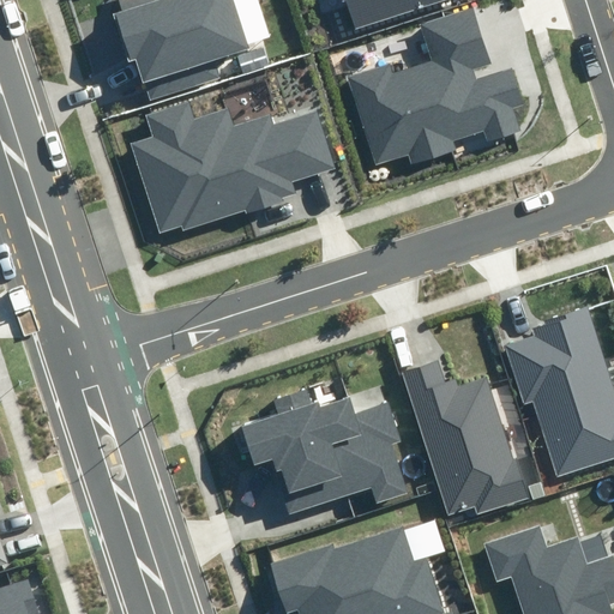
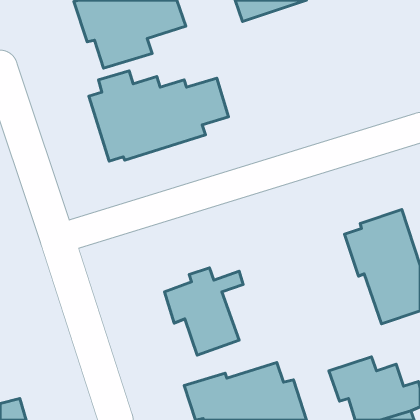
building: [348,11,526,168] -> none
building: [403,360,532,516] -> none
building: [324,403,408,504] -> none

